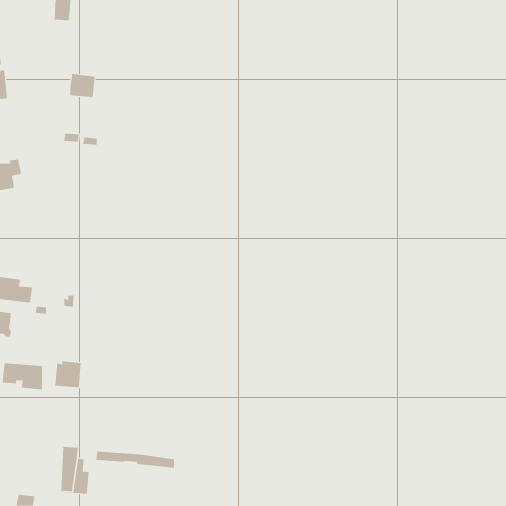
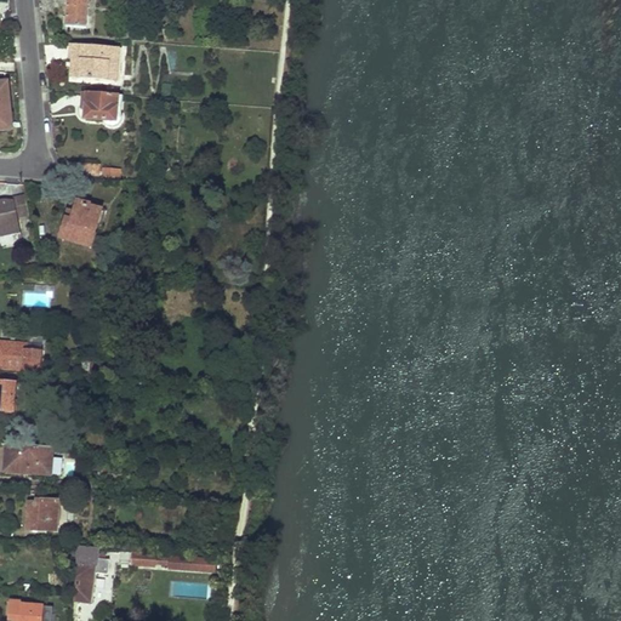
building: none -> [73,44,119,80]
building: none -> [61,201,99,245]
building: [55,361,81,388] -> [27,497,59,530]

